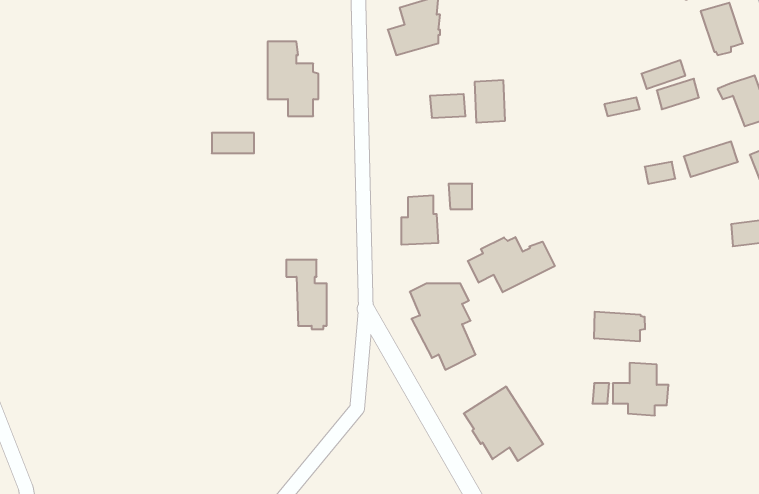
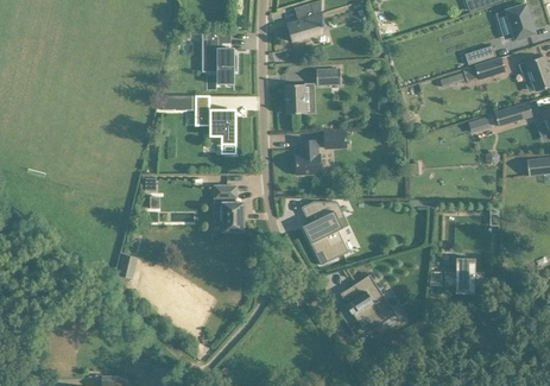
building: [475,80,505,123] -> [285,84,306,114]
building: none -> [197,110,235,144]
building: [468,237,555,292] -> none
building: [594,312,645,341] -> none

